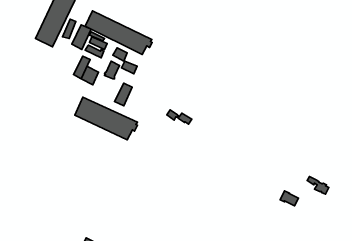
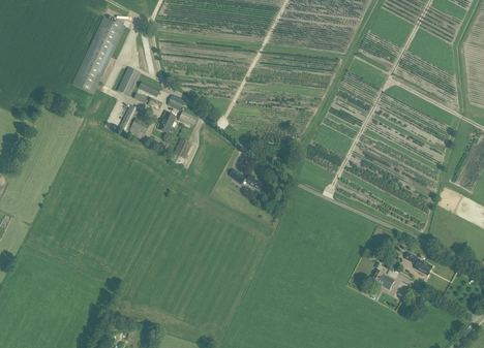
building: [85,11,152,55] -> none
building: [75,97,138,140] -> none

